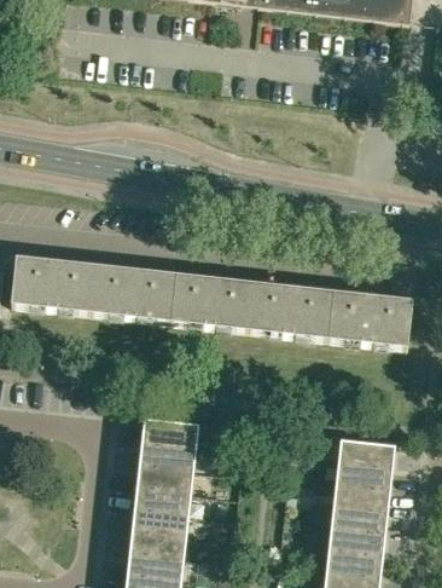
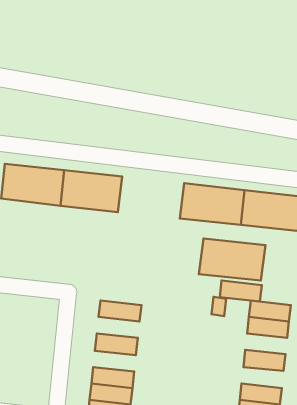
building: [164,272,252,328] -> [199,239,265,281]
building: [141,415,198,443] -> none
building: [136,459,193,486] -> none
building: [333,480,389,508] -> [220,281,262,302]
building: [132,503,188,531] -> none
building: [328,525,384,553] -> none

